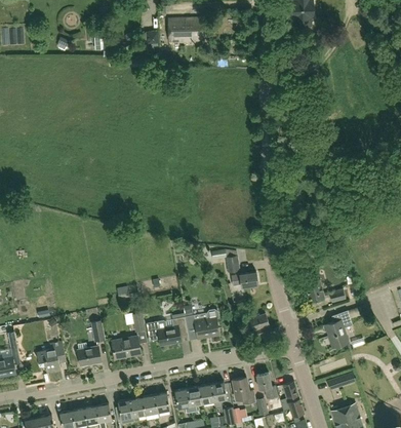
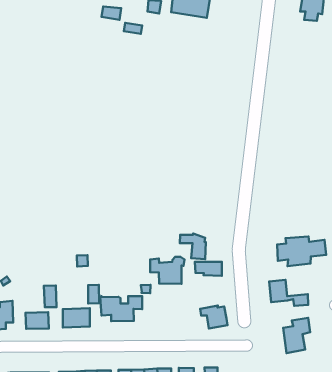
building: none -> [277,236,326,266]
building: [186,309,219,338] -> [150,257,184,284]

